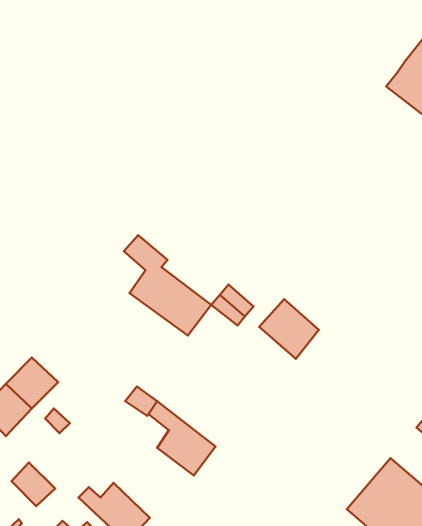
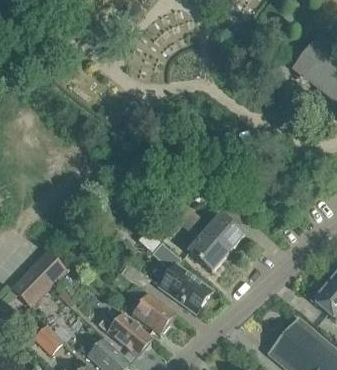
building: [124,235,211,336] -> [151,243,211,312]
building: none -> [188,231,229,272]
building: none -> [97,315,151,356]

